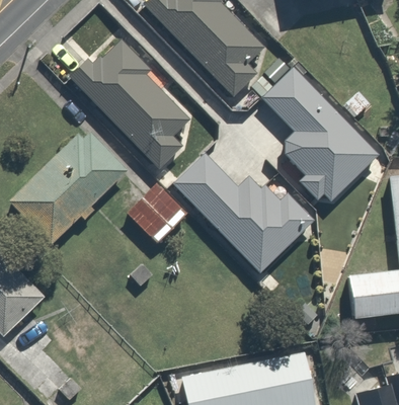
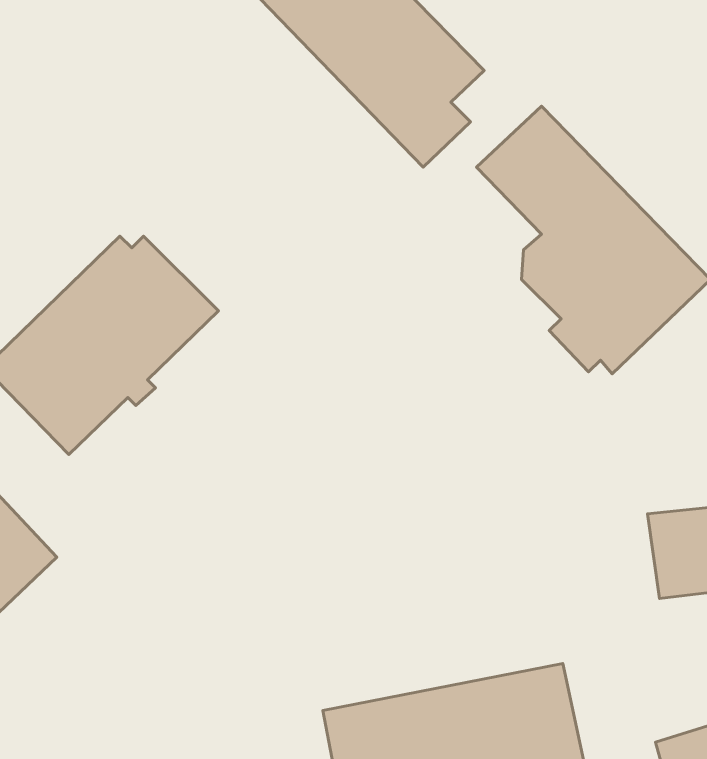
building: [71,40,190,168] -> none
building: [174,154,315,273] -> none
building: [128,184,188,245] -> none

